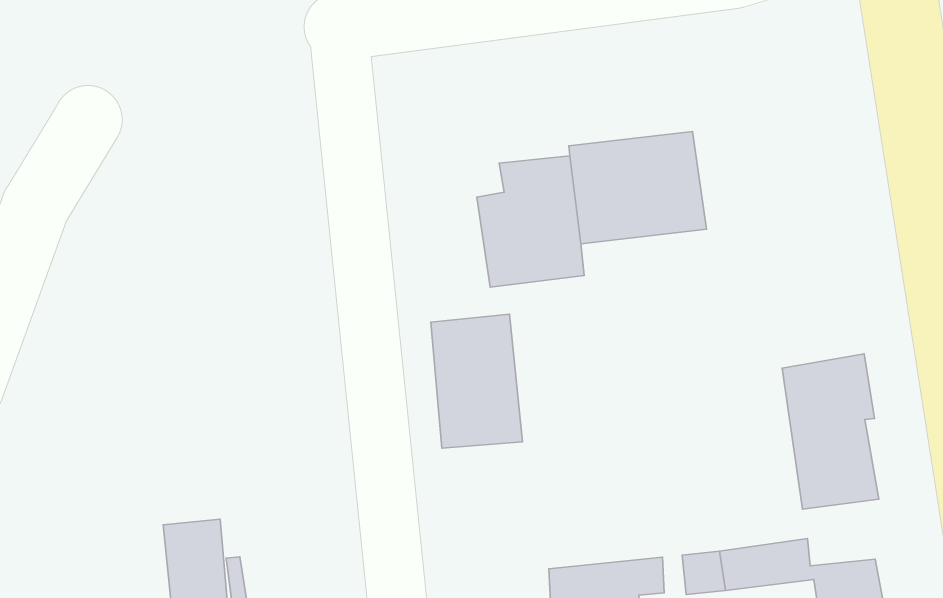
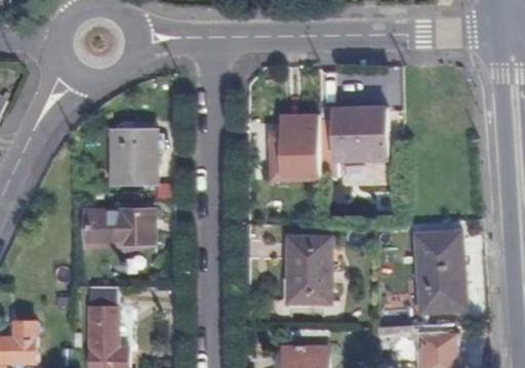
building: none -> [111,129,155,186]
building: [431,314,523,448] -> [287,237,329,303]
building: none -> [84,211,153,246]

